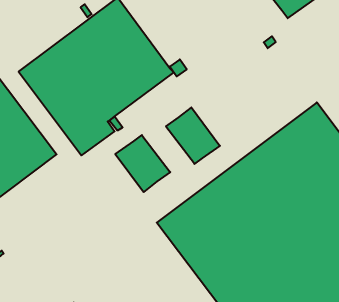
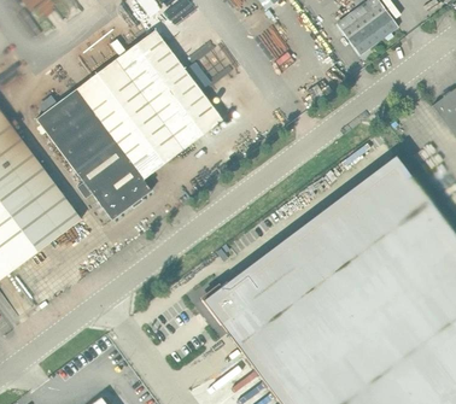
building: [166,107,220,164] -> none
building: [115,135,170,192] -> none

